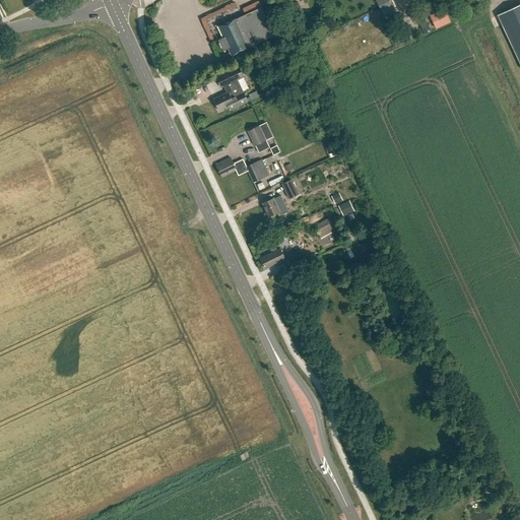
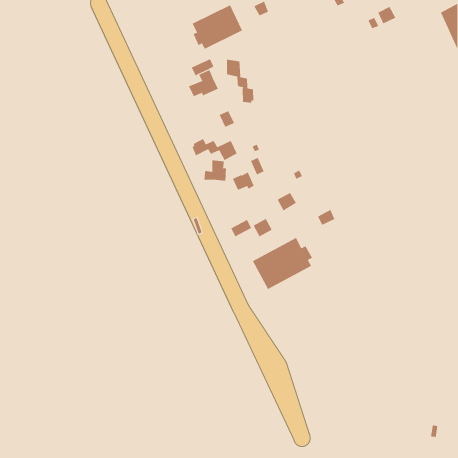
building: none -> [226,59,254,103]
building: none -> [204,160,227,182]
building: none -> [252,237,313,290]

